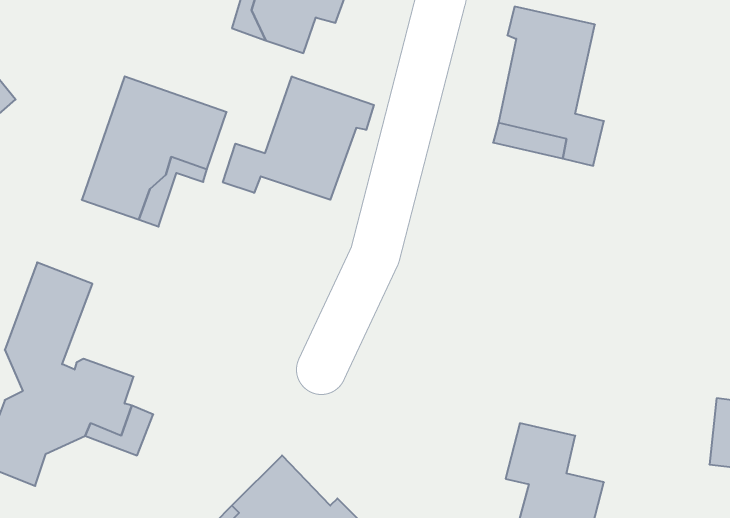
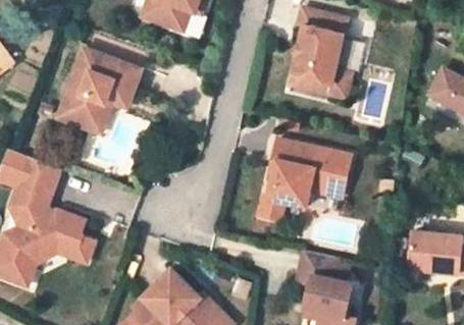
building: [223,76,374,200] -> none
building: none -> [260,143,351,224]

